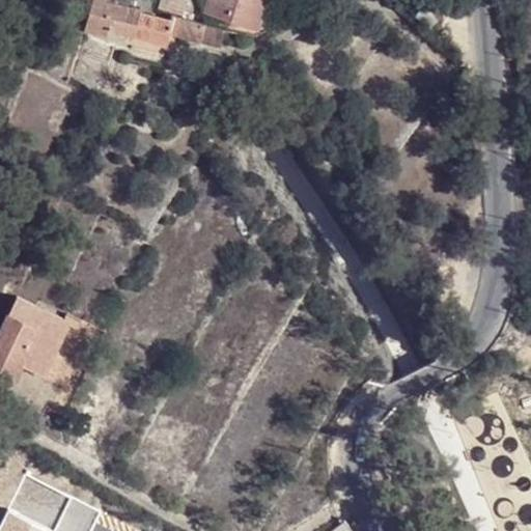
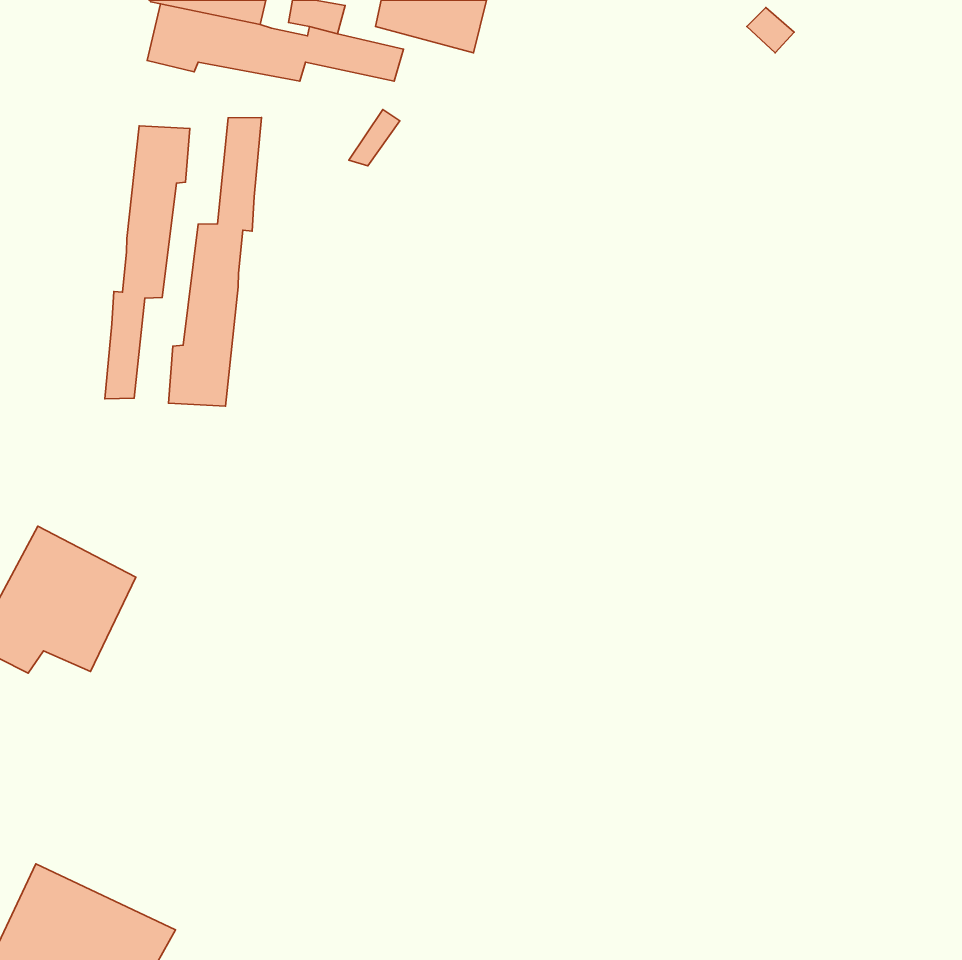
building: none -> [168,118,261,406]
building: none -> [105,126,190,399]

